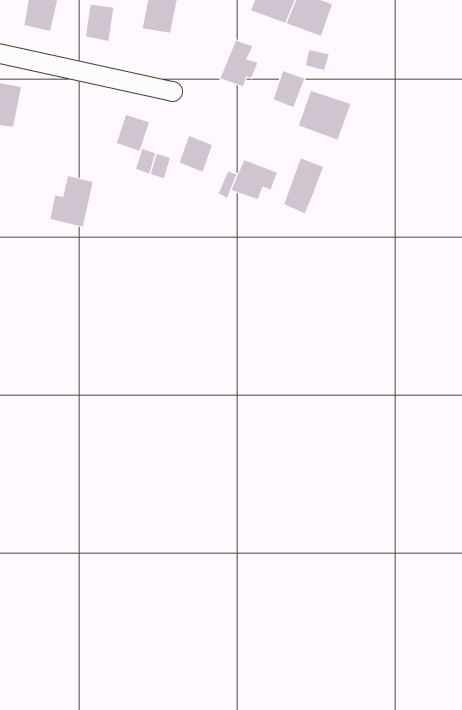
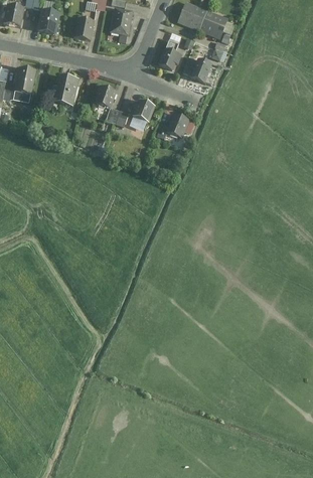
building: [298,90,351,141] -> none
building: [284,158,324,214] -> none
building: [50,175,93,227] -> [50,75,77,108]

